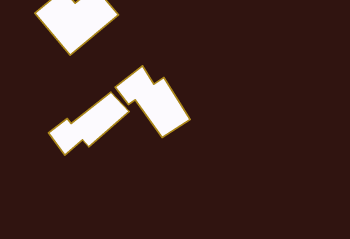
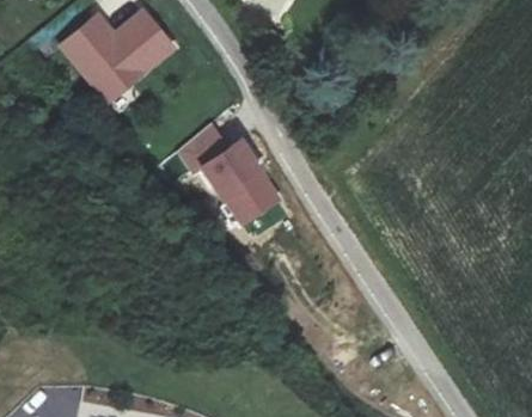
building: [48,92,129,155] -> none

